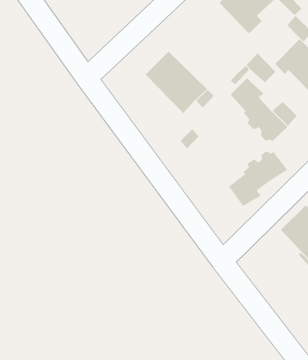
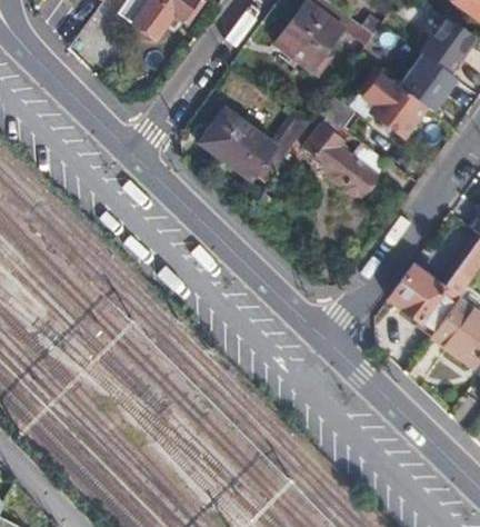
building: [228,151,288,207] -> none

